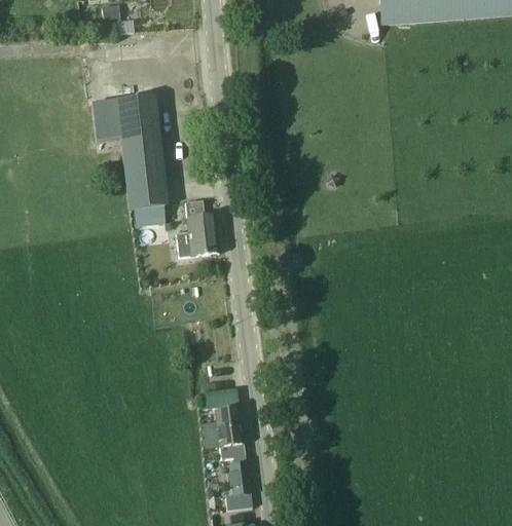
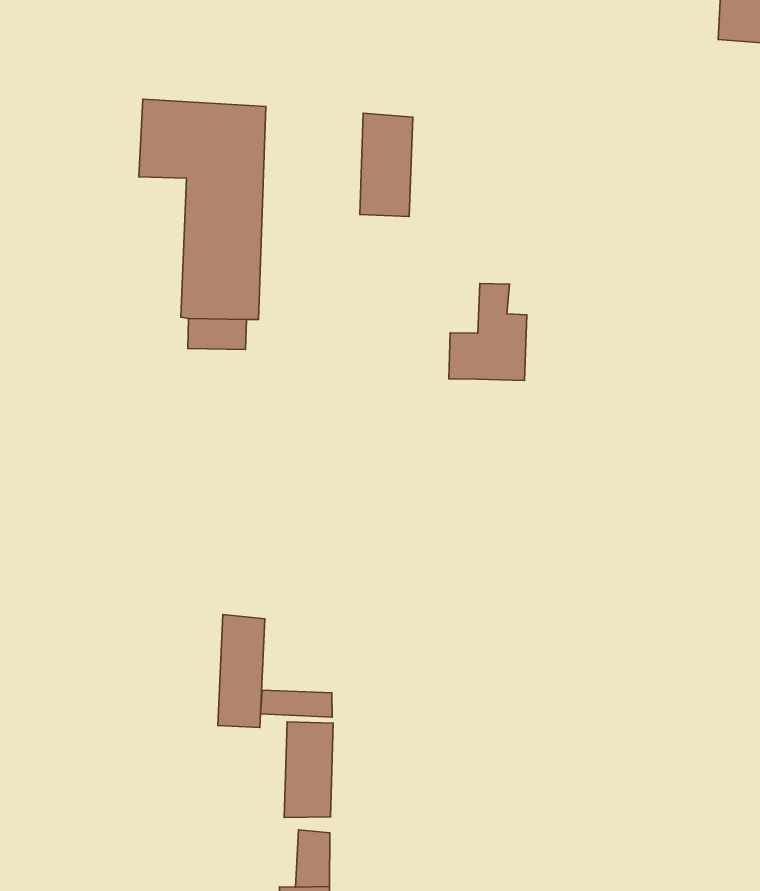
building: none -> [360,113,413,217]
building: [176,201,218,255] -> [449,284,527,381]
building: none -> [218,614,265,728]

